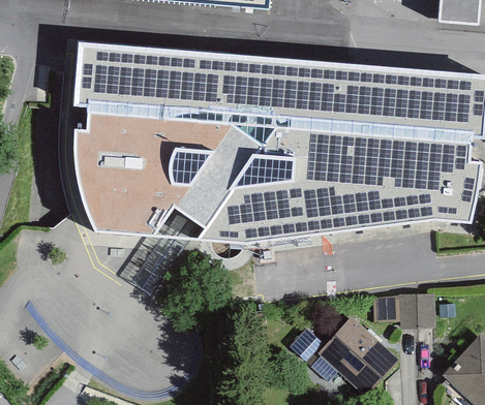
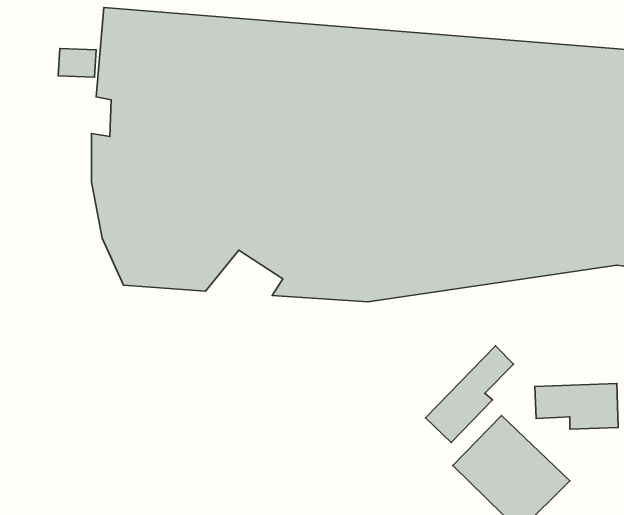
building: none -> [425,346,514,443]

